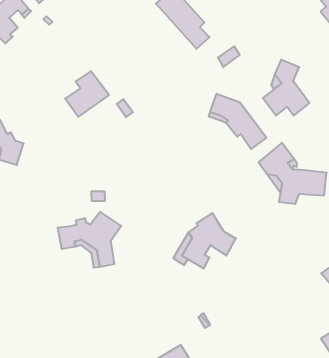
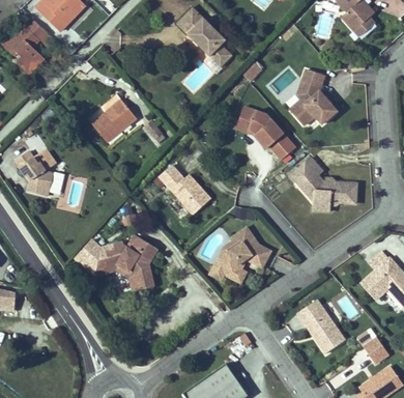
building: none -> [161,166,211,216]
building: none -> [297,301,345,354]

